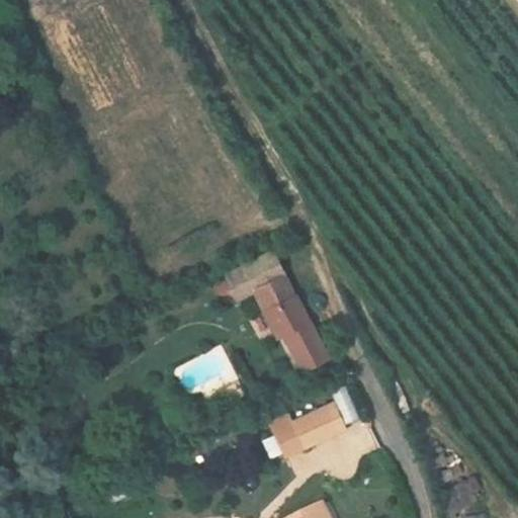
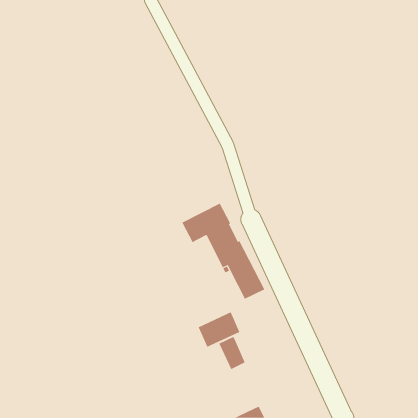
building: [292,404,345,448] -> [198,312,240,348]

